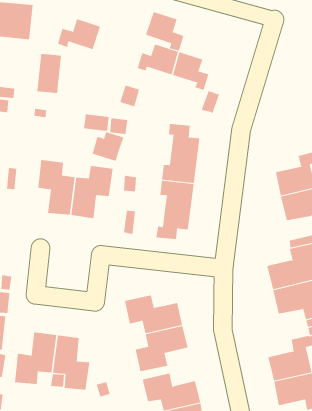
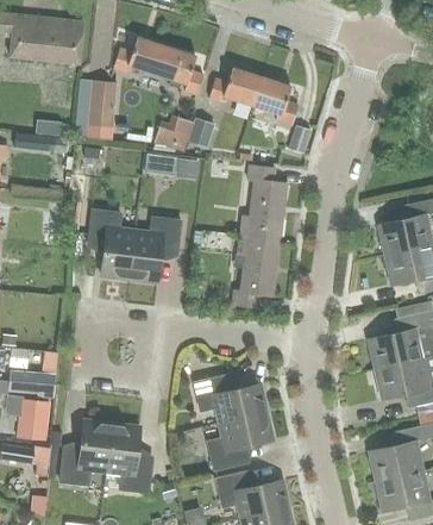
building: [145,11,184,51] -> [156,46,203,95]
building: [92,131,124,162] -> [155,114,194,151]

